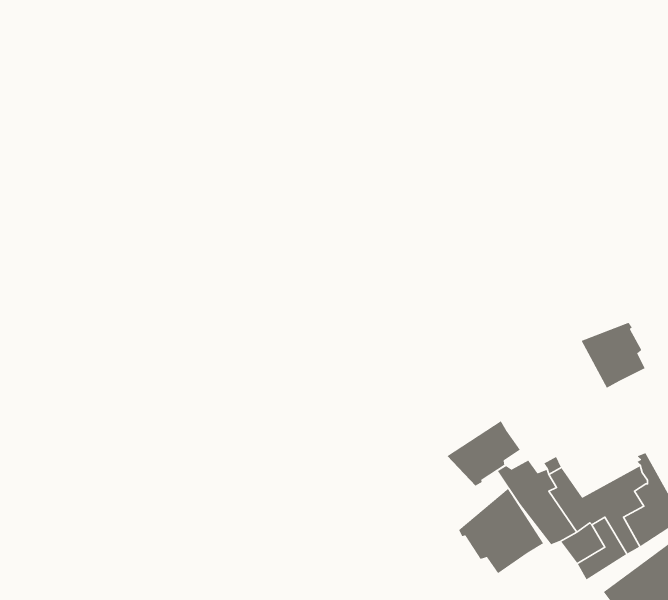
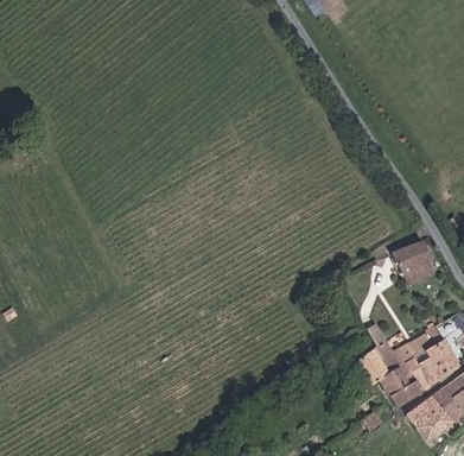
building: [447,420,521,486] -> none
building: [458,488,544,574] -> none

